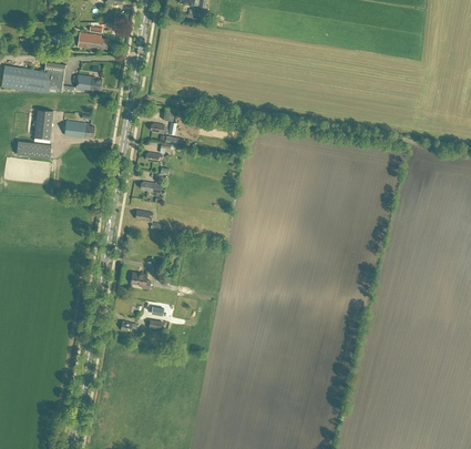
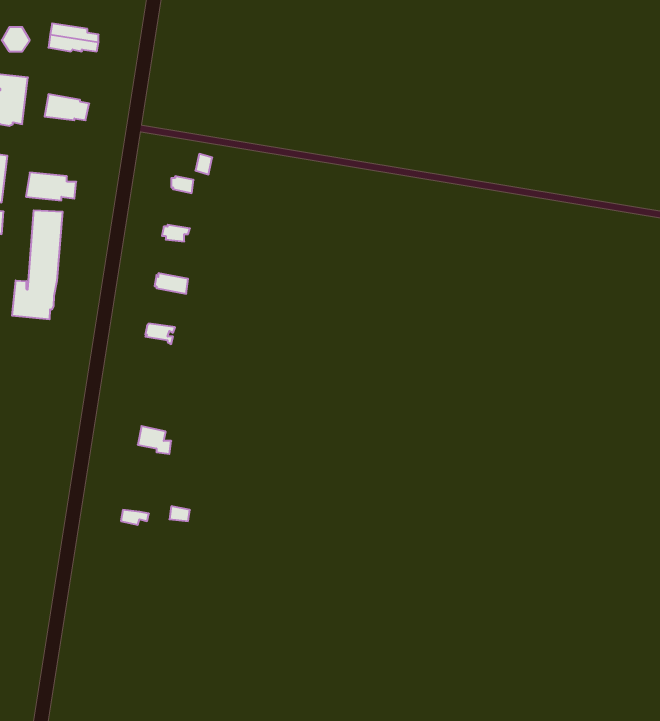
building: none -> [12,210,63,319]

